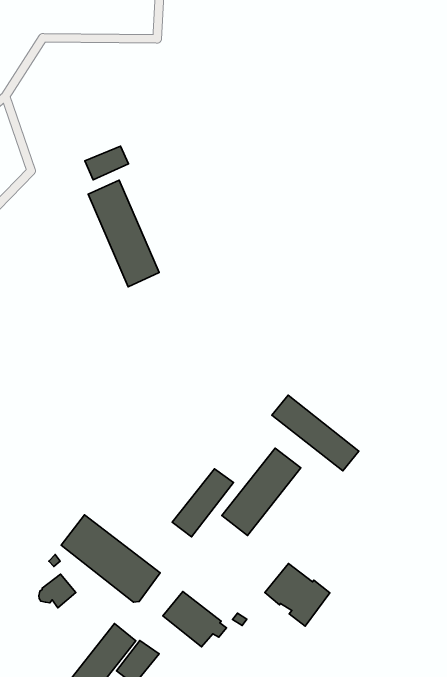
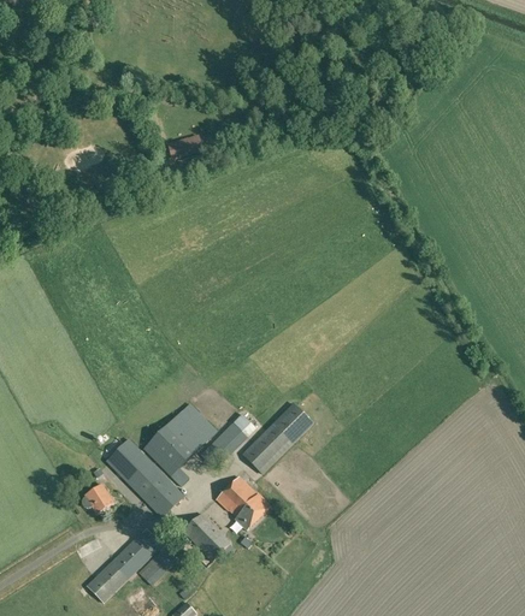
building: [88,180,159,287] -> none
building: [272,395,359,471] -> none
building: none -> [142,402,217,480]
building: [265,563,330,626] -> [216,476,270,531]

